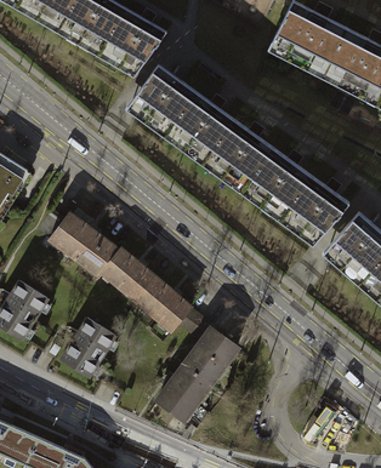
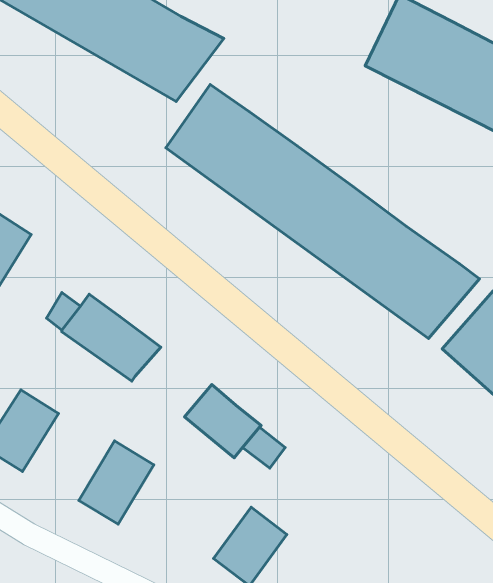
building: [102,249,157,301] -> none
building: [184,327,238,384] -> none

